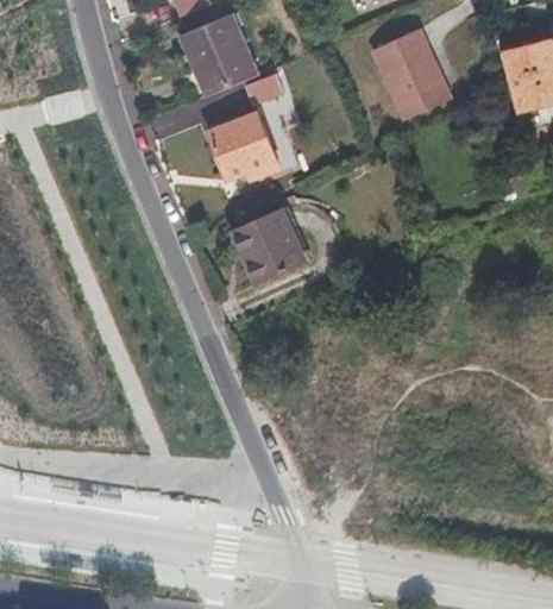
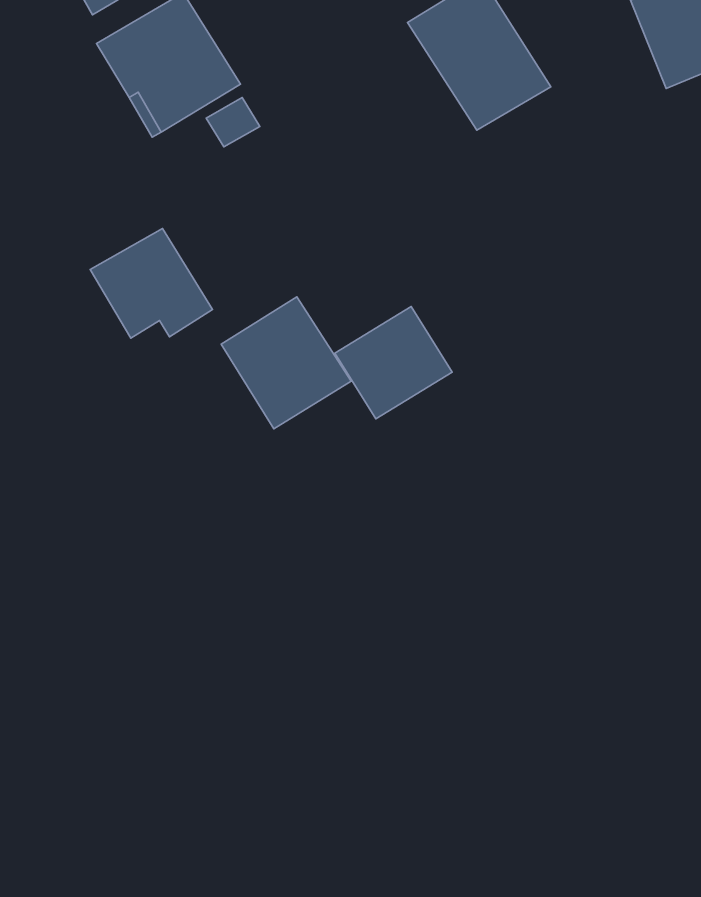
building: [208,113,279,180] -> [90,229,213,338]
building: none -> [335,306,452,419]

